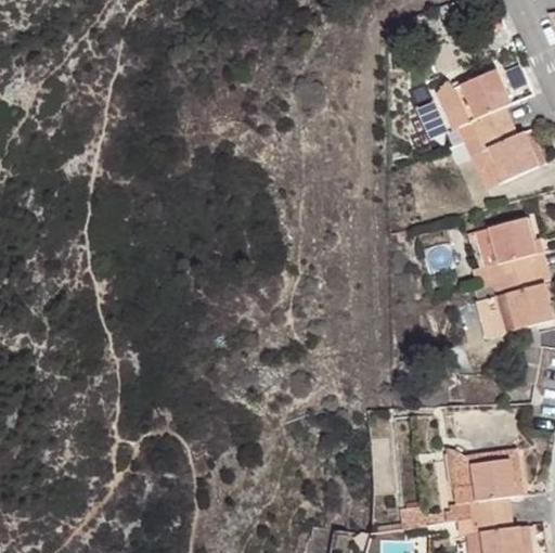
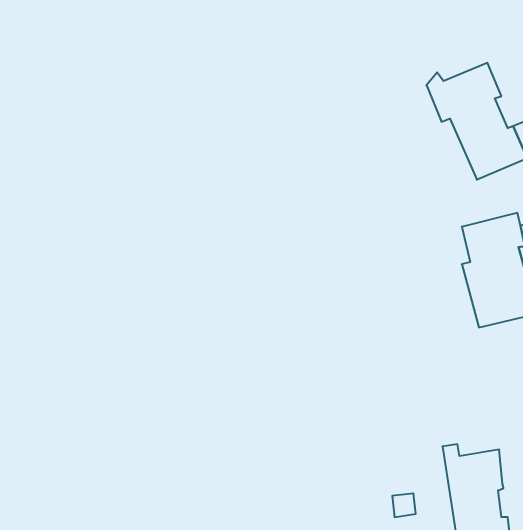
building: [465,448,522,494] -> none

